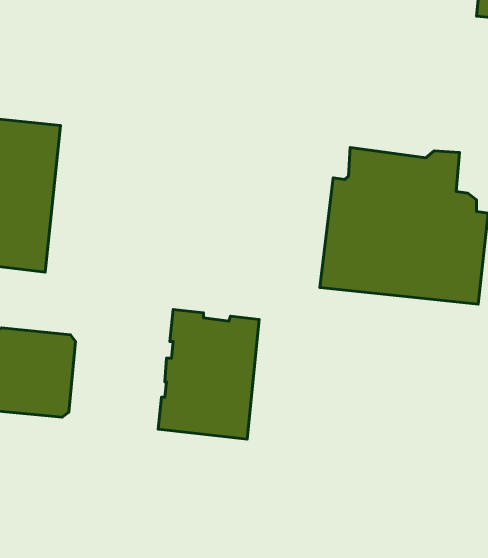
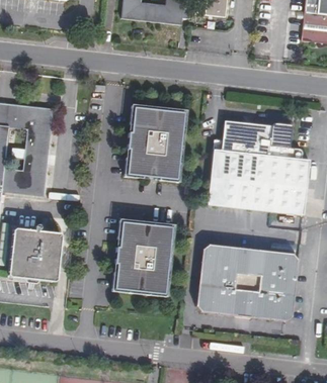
building: none -> [125,103,186,180]
building: none -> [198,247,300,321]

